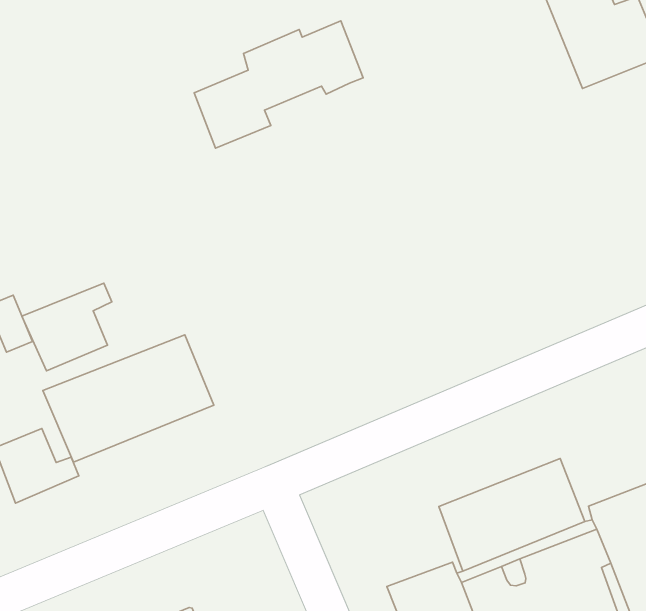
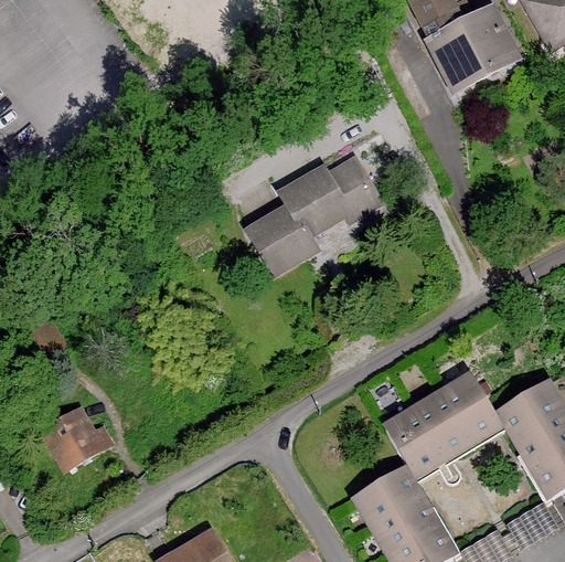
building: [194,21,363,148] -> [248,161,375,272]
building: [22,283,112,371] -> none
building: [43,335,214,462] -> none

